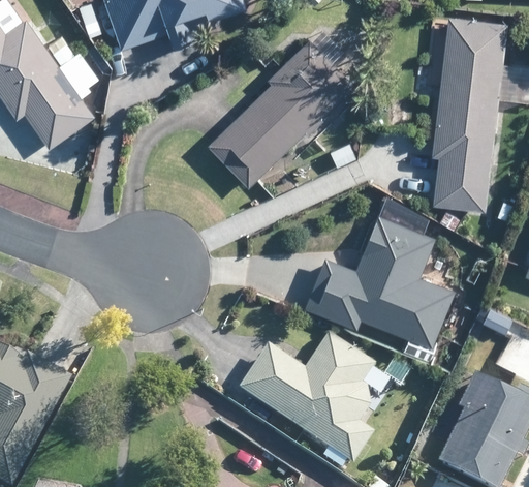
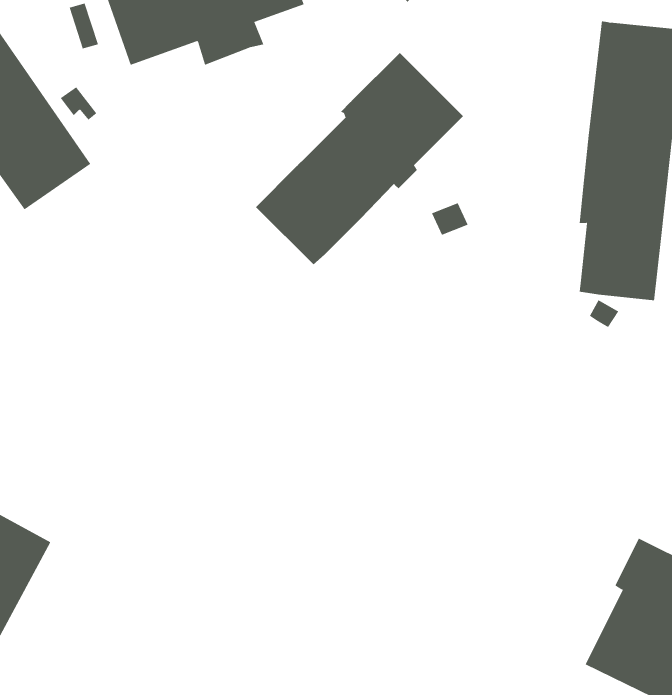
building: [305,215,454,347] -> none
building: [239,335,374,465] -> none

